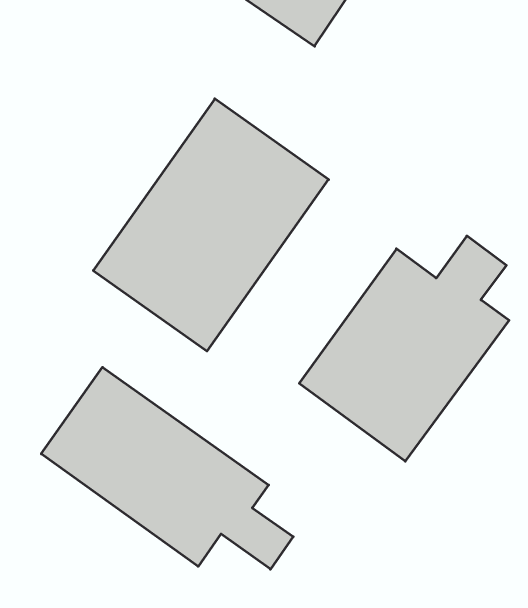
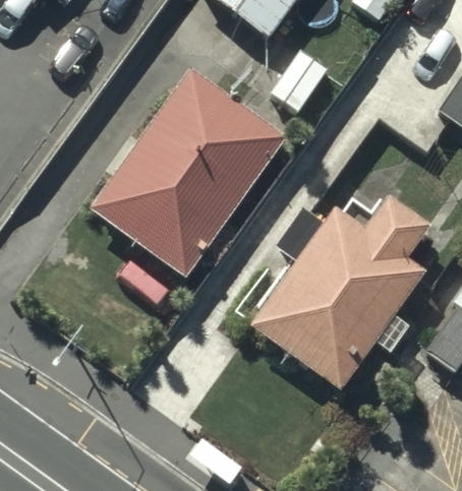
building: [41,367,293,569] -> none

